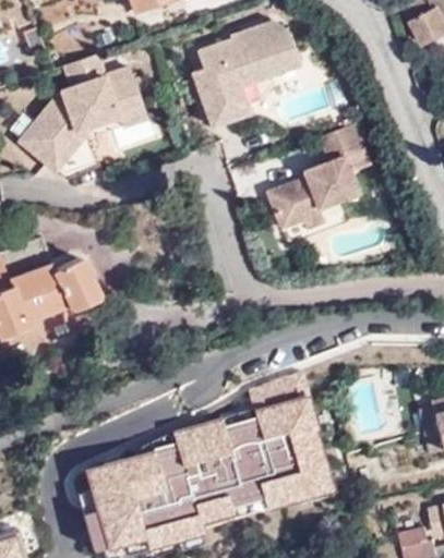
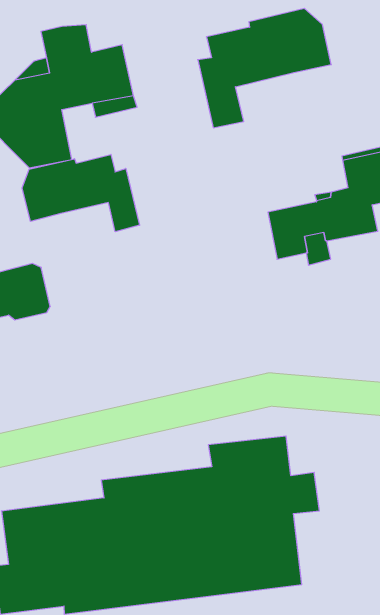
building: [224,75,274,121] -> none
building: none -> [22,154,140,232]

